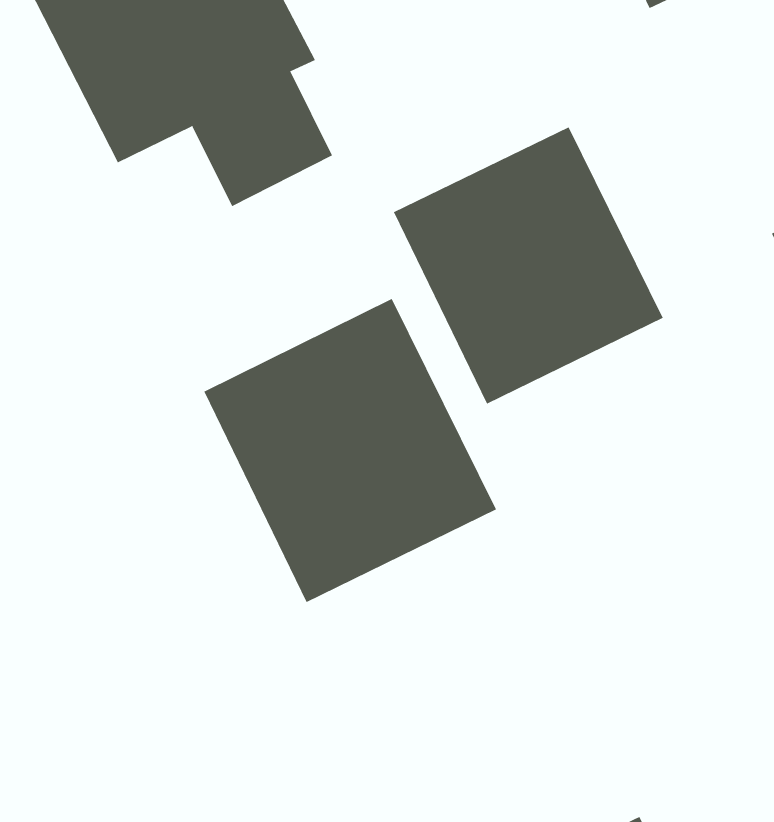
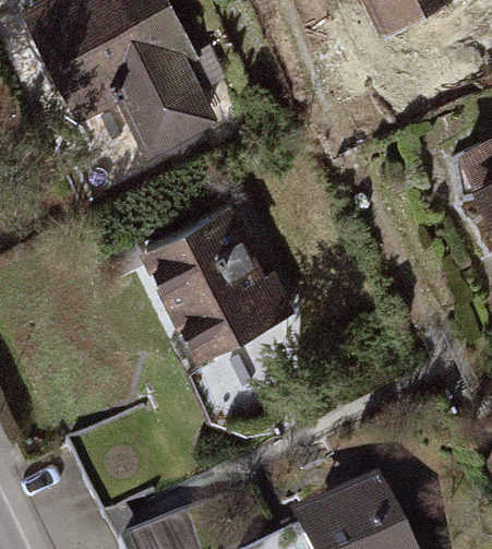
building: [393,127,664,405] -> none

